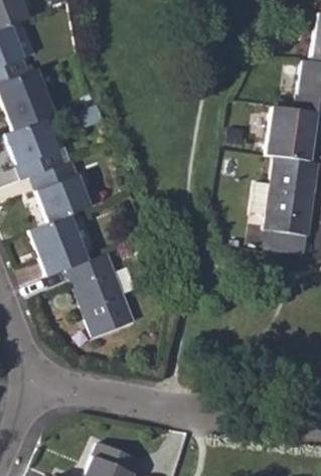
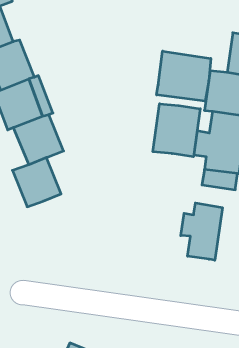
building: none -> [157,51,211,101]
building: none -> [153,104,200,157]
building: [66,250,136,336] -> none
building: none -> [181,203,222,260]

